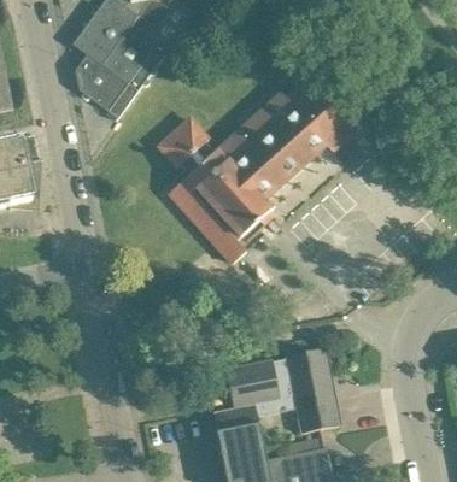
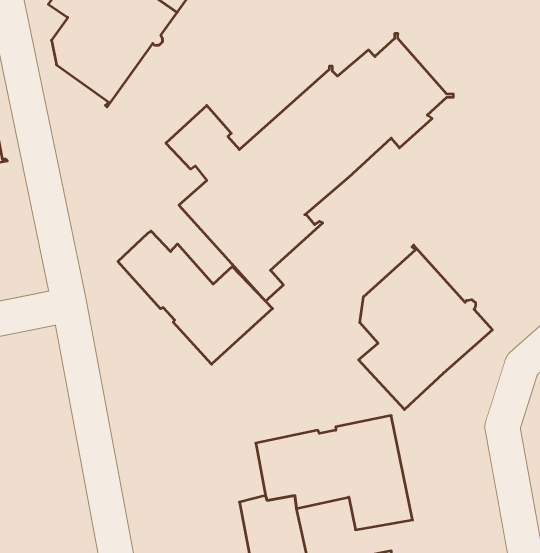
building: none -> [118,231,273,364]
building: none -> [359,245,492,410]

